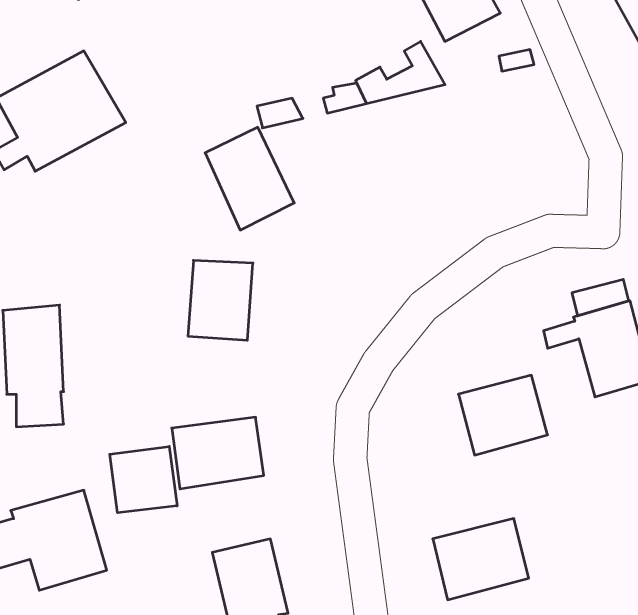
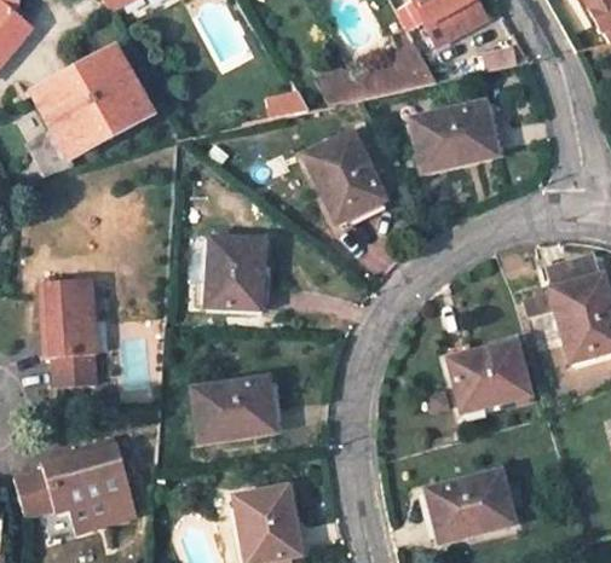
building: none -> [411,103,495,170]
building: [205,127,294,230] -> [305,130,385,222]
building: [110,446,177,513] -> none

